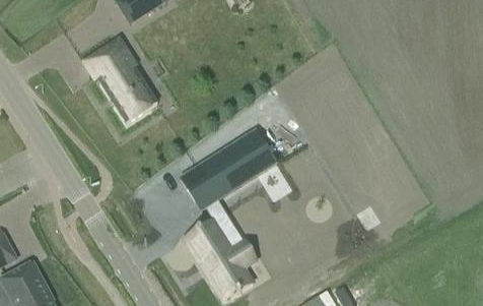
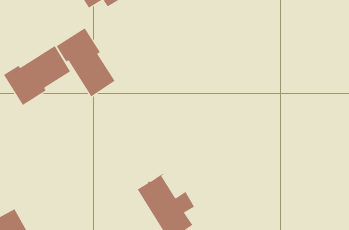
building: none -> [3,45,71,106]
building: [181,130,274,207] -> none

